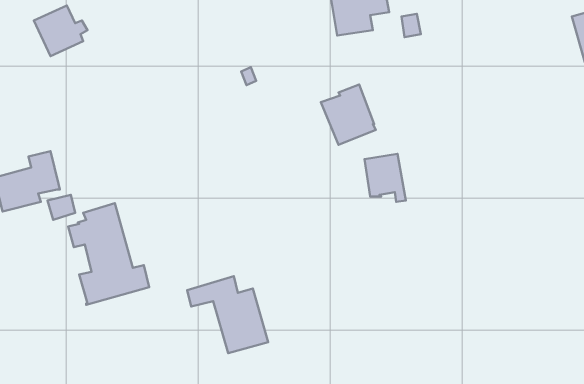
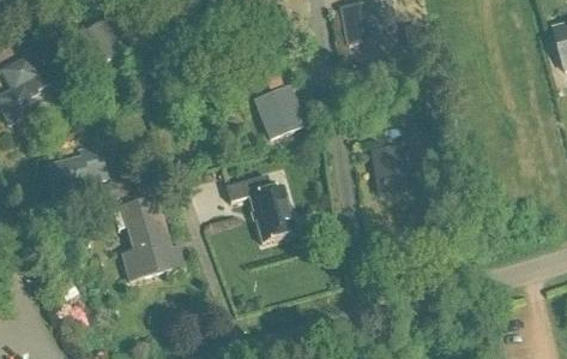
building: [321,84,376,145] -> [254,85,302,138]
building: [187,276,268,353] -> [228,174,298,241]

